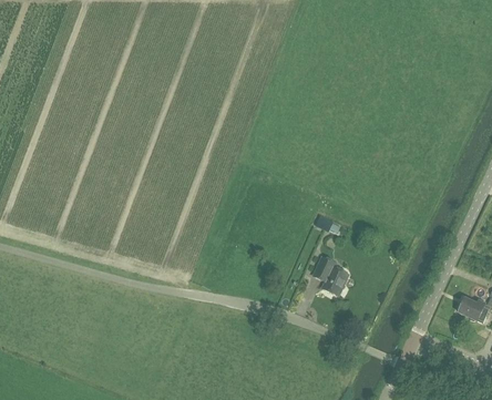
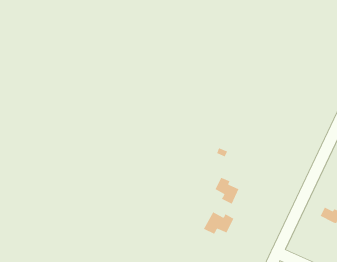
building: none -> [203,211,234,235]

